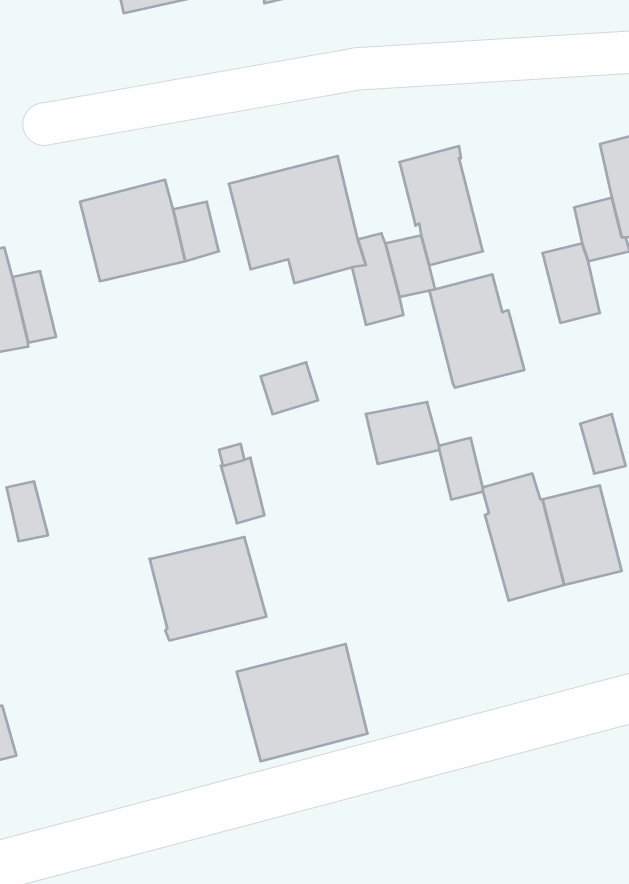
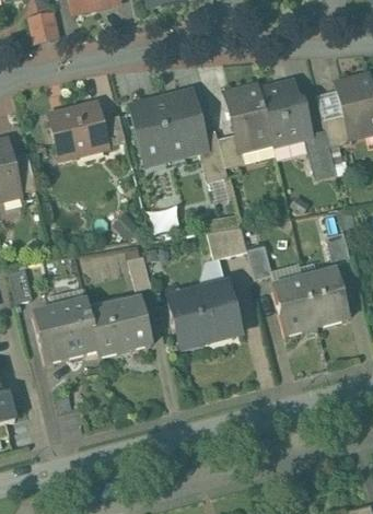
building: none -> [27,11,60,44]
building: [429,275,524,388] -> [258,82,311,144]
building: none -> [33,301,97,363]
building: [237,644,368,761] -> [167,284,240,349]

